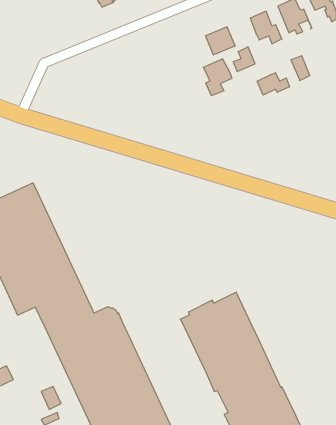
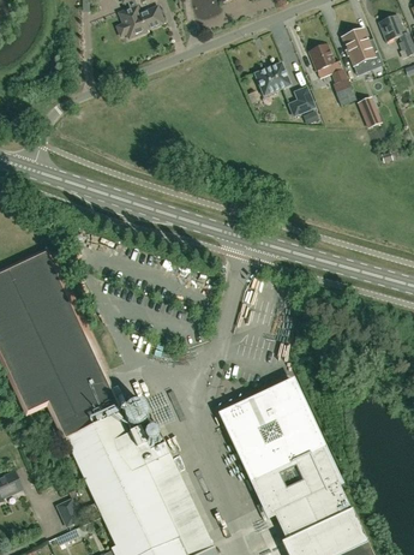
building: [203,59,232,96] -> none
building: [257,73,289,95] -> none

